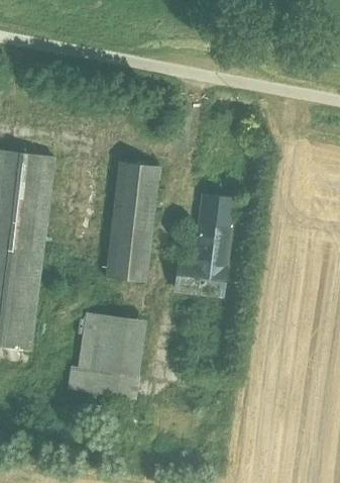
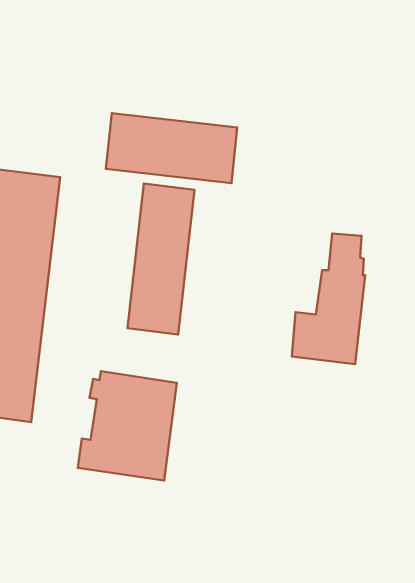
building: none -> [106,113,237,183]
building: [174,194,232,298] -> [292,233,365,364]

